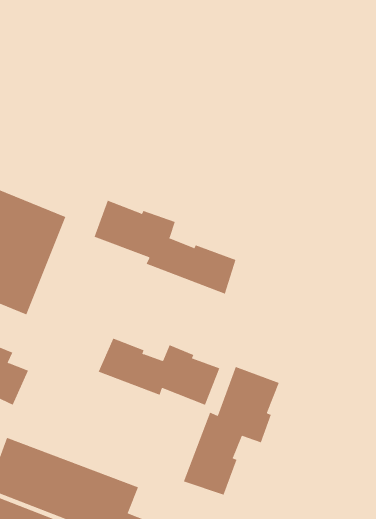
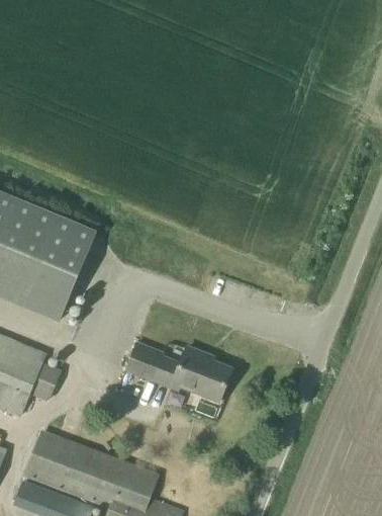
building: [94,200,236,294] -> none
building: [183,366,279,495] -> none

